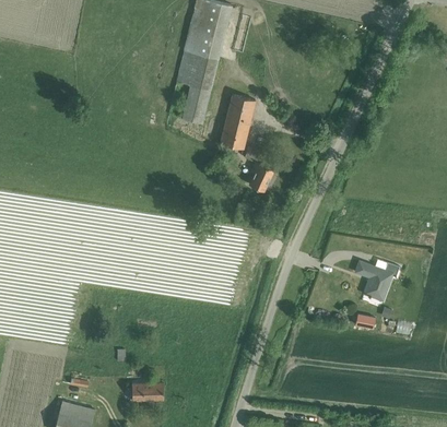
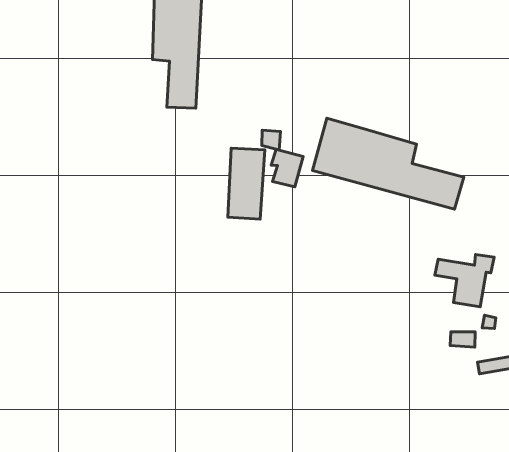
building: [220,95,255,150] -> [228,148,265,219]
building: none -> [313,118,464,209]

